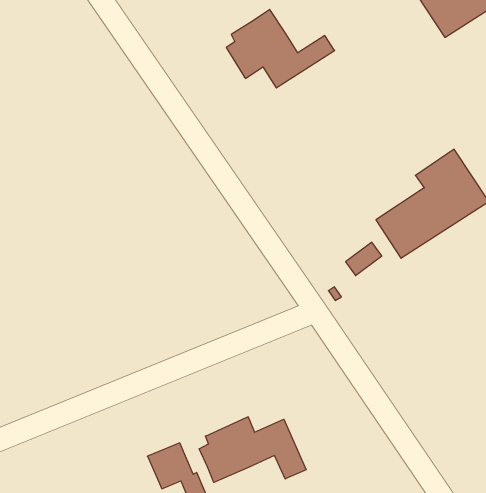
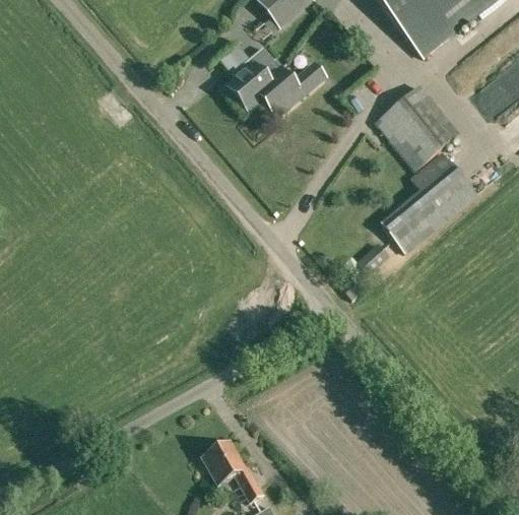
building: none -> [375,86,459,172]
building: [199,417,306,482] -> none

